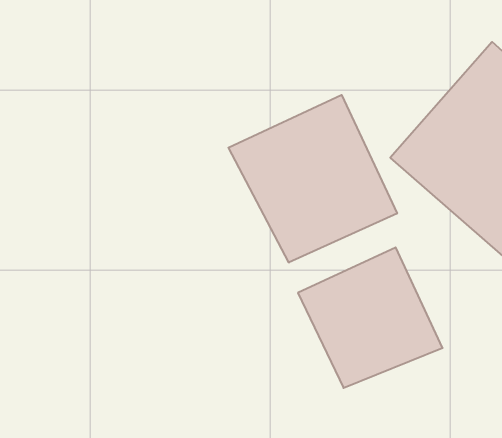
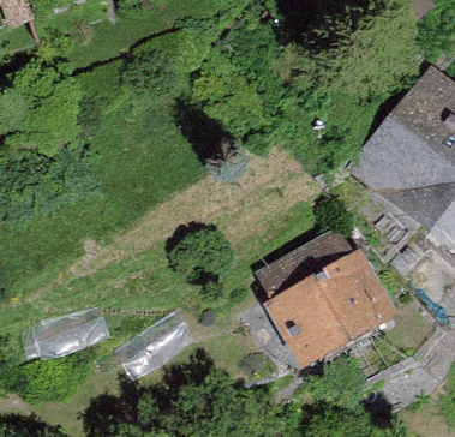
building: [228,95,397,263] -> none

